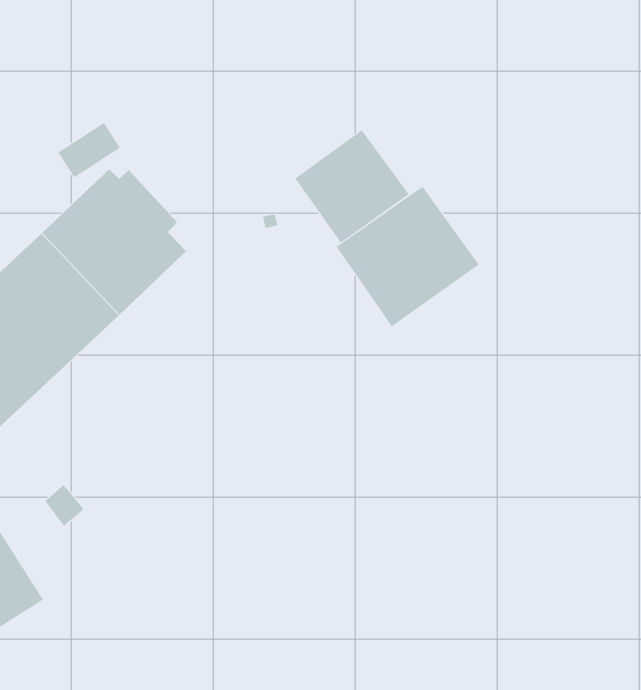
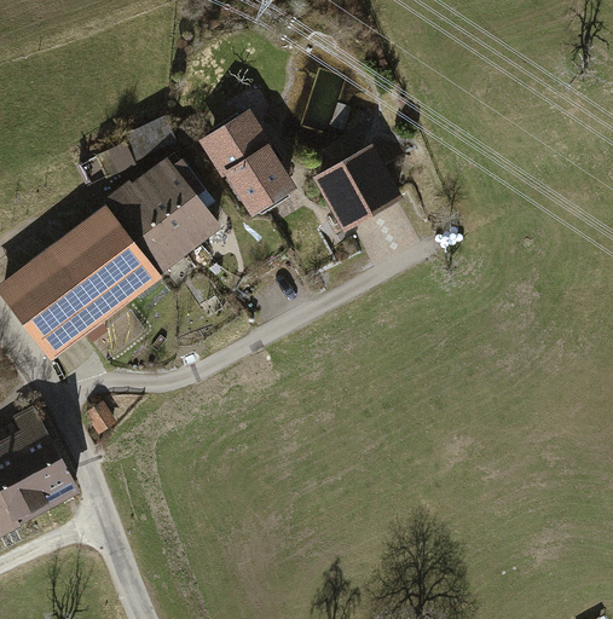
building: none -> [196,106,296,219]
building: [336,186,480,327] -> none

